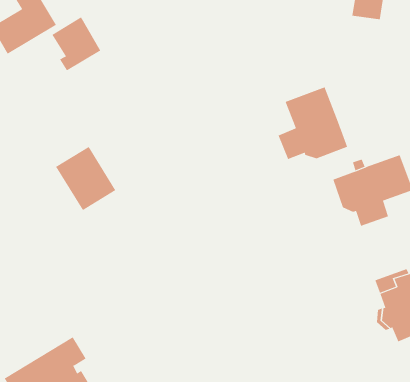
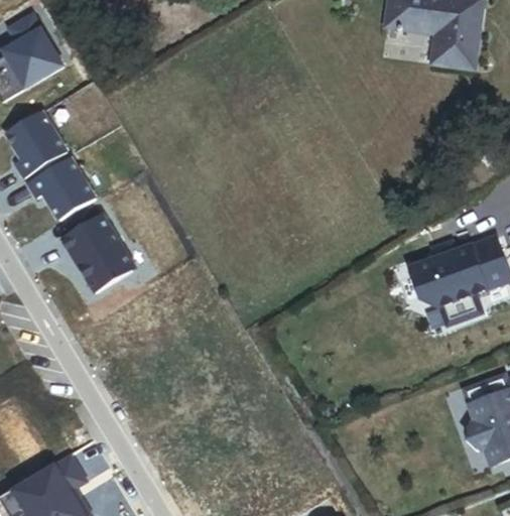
building: [52,17,101,71] -> [14,121,75,187]
building: [278,86,348,160] -> none
building: none -> [35,167,104,231]

